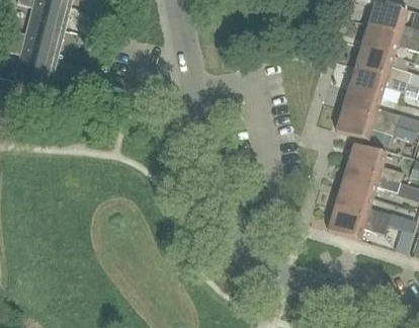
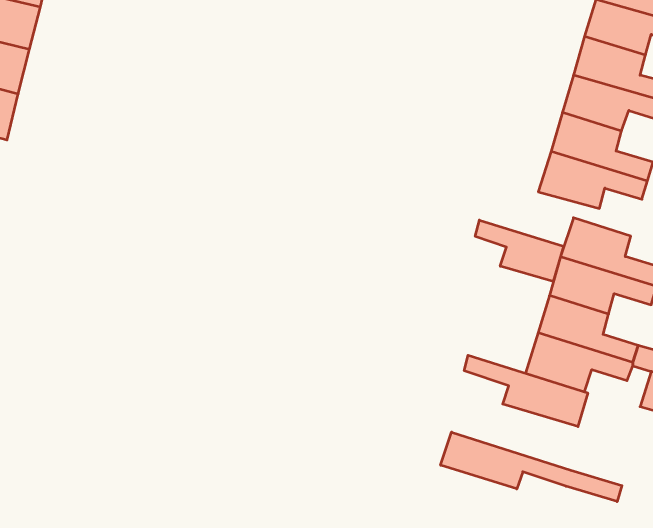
building: none -> [475,220,564,281]
building: none -> [464,355,588,427]
building: none -> [441,432,622,502]

